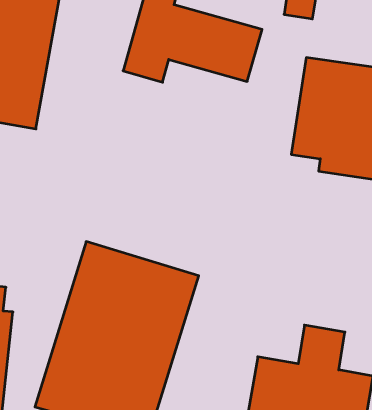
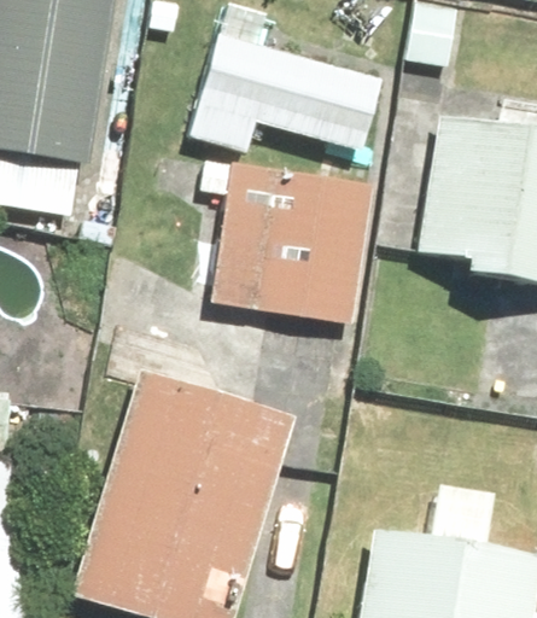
building: none -> [204,159,374,323]

